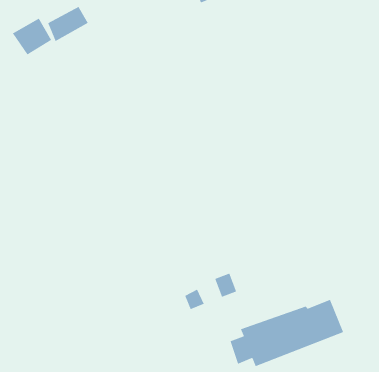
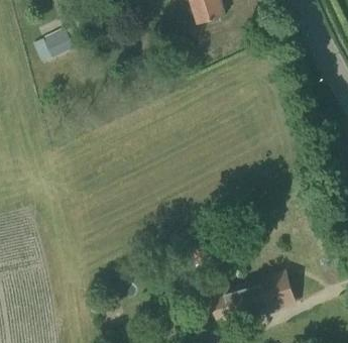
building: [47,6,89,42] -> none

